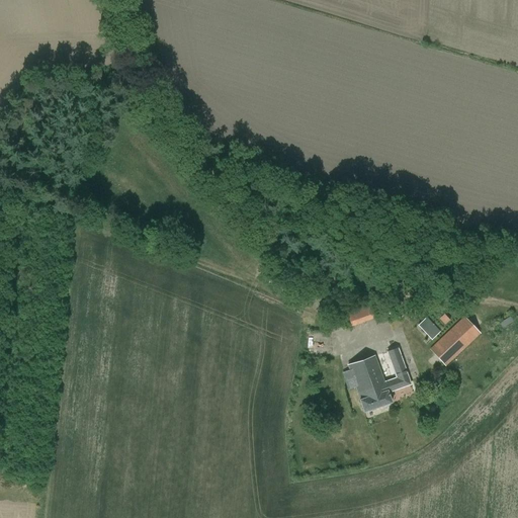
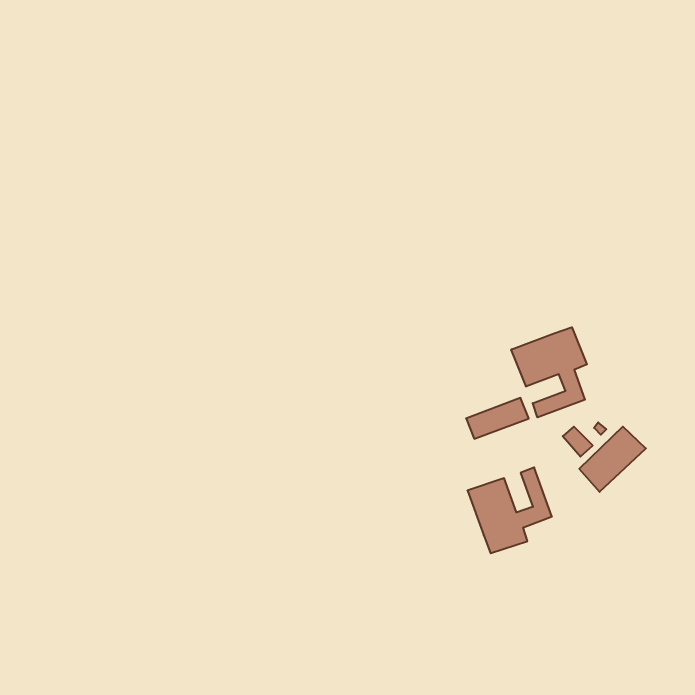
building: none -> [511,327,587,417]

